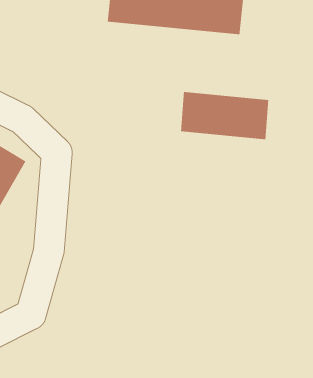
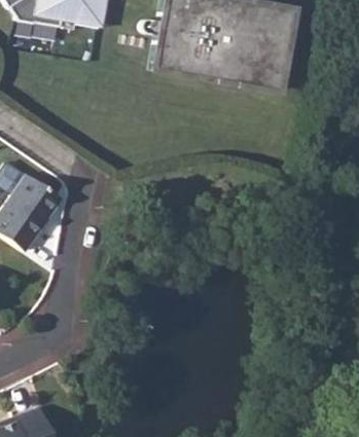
building: [180,91,269,140] -> none

